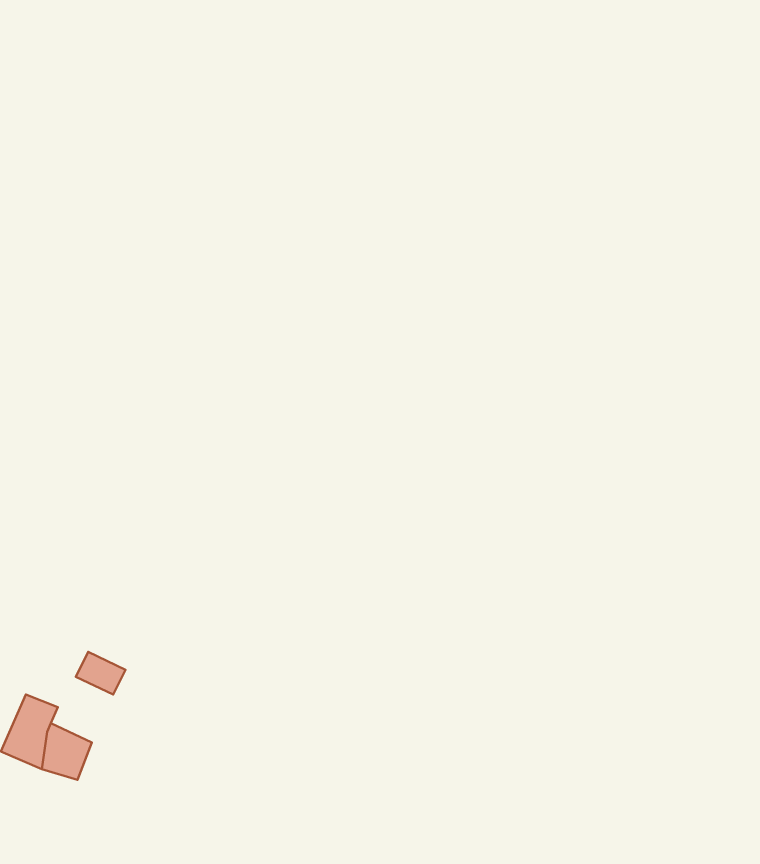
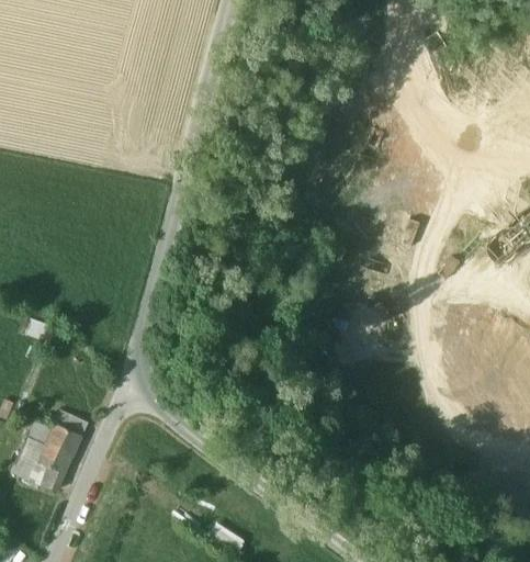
building: none -> [43,425,81,467]

